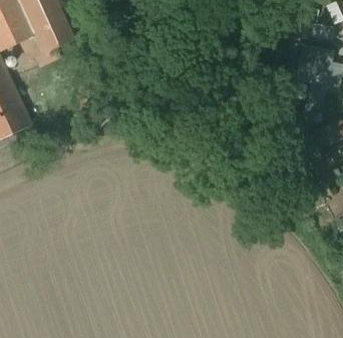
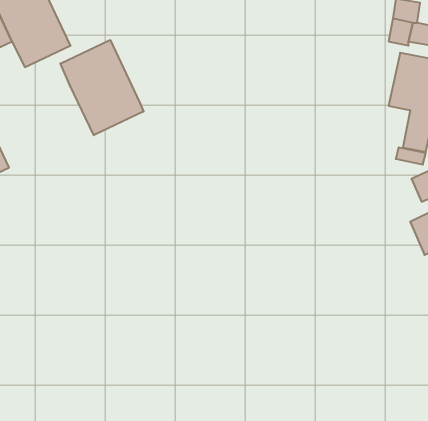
building: none -> [60,40,144,135]

